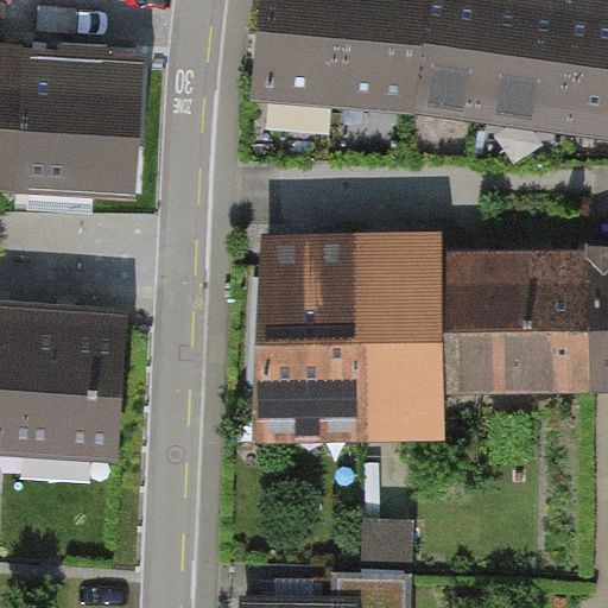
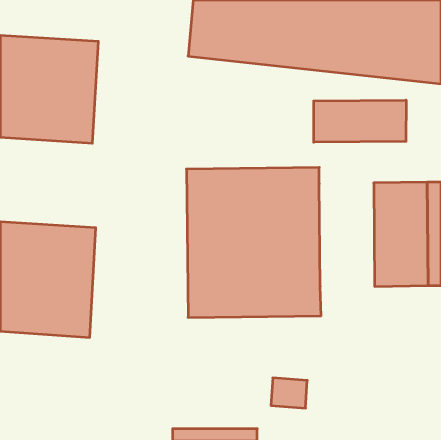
building: none -> [314,100,406,142]
building: [439,253,515,395] -> none

